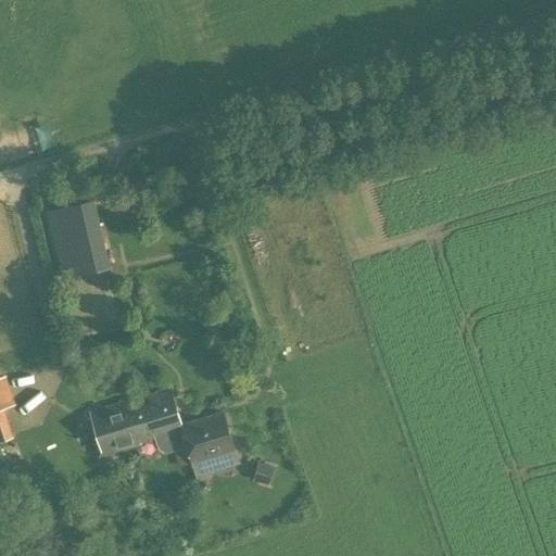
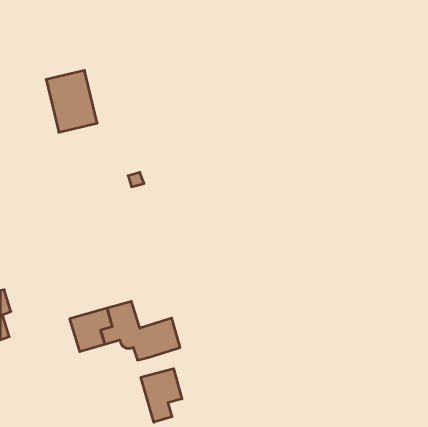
building: [43,198,110,278] -> [46,70,97,132]
building: none -> [141,369,182,422]

